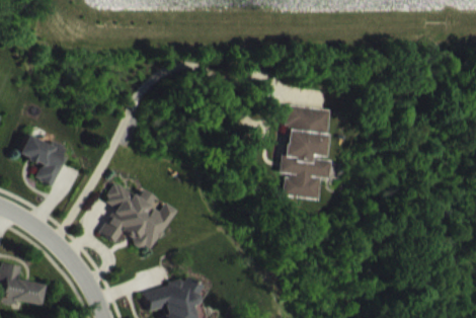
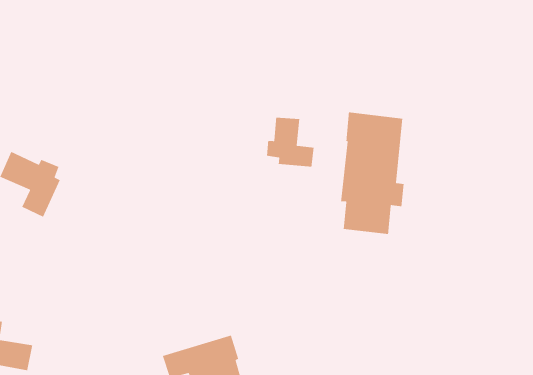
building: none -> [266,117,314,168]
building: [99,182,174,250] -> none

